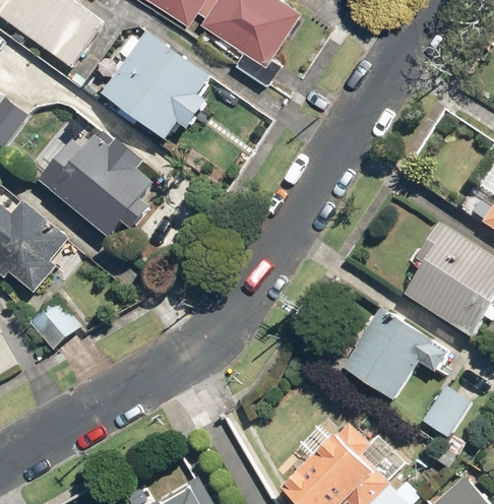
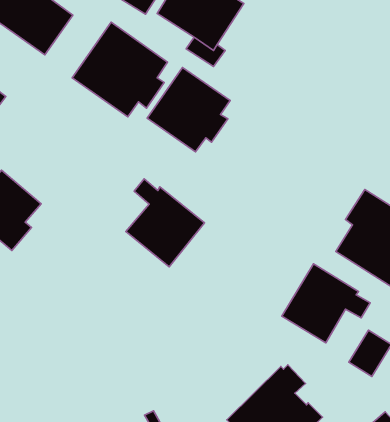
building: none -> [147,67,230,152]
building: [38,132,153,238] -> none
building: none -> [126,179,204,267]
building: [27,299,80,351] -> none

